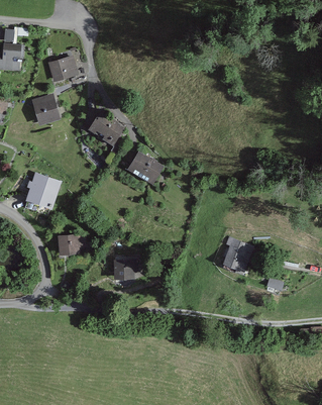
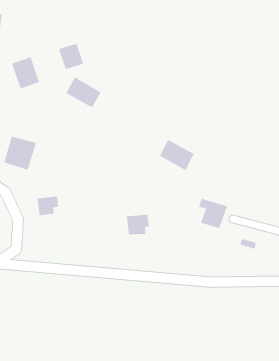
building: [47,56,74,83] -> [58,43,84,70]
building: [126,153,163,185] -> [159,139,195,171]
building: [113,260,137,281] -> [126,214,150,235]

